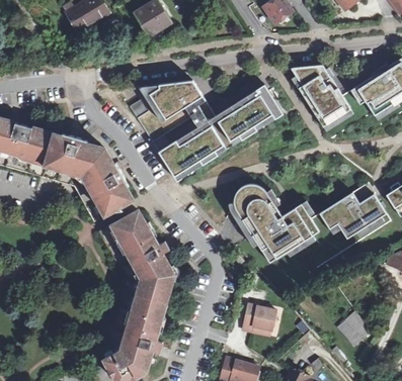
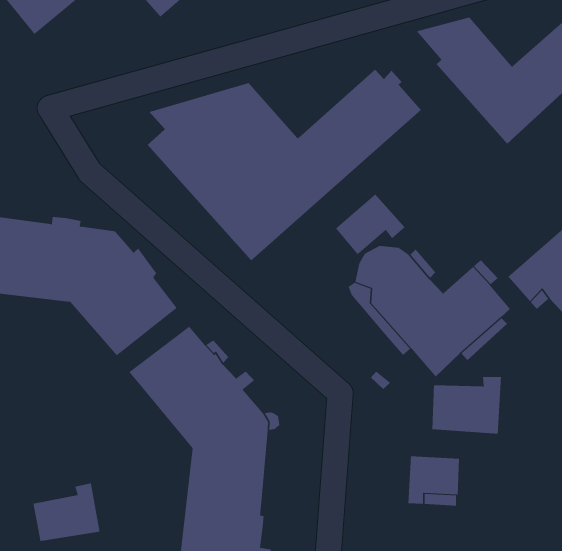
building: none -> [335,193,405,255]
building: none -> [432,376,501,434]
building: none -> [33,482,100,542]

